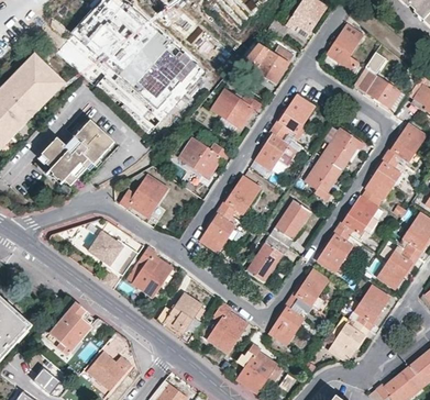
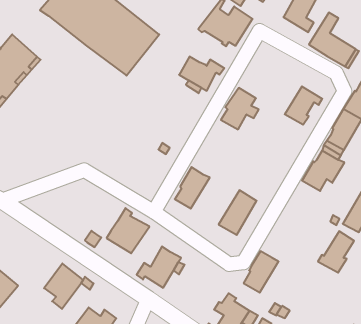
building: [275,96,313,138] -> none
building: [43,120,117,186] -> none
building: [179,138,228,176] -> none
building: [305,157,341,201] -> none
building: [121,169,167,216] -> none
building: [220,177,260,216] -> none
building: [269,201,310,247] -> none
building: [317,229,355,273] -> none
building: [88,232,139,276] -> none
building: [288,270,328,310] -> none
building: [208,305,245,353] -> none
building: [329,315,370,359] -> none

